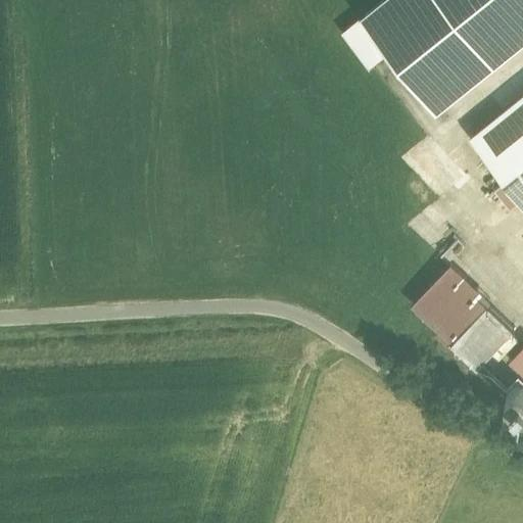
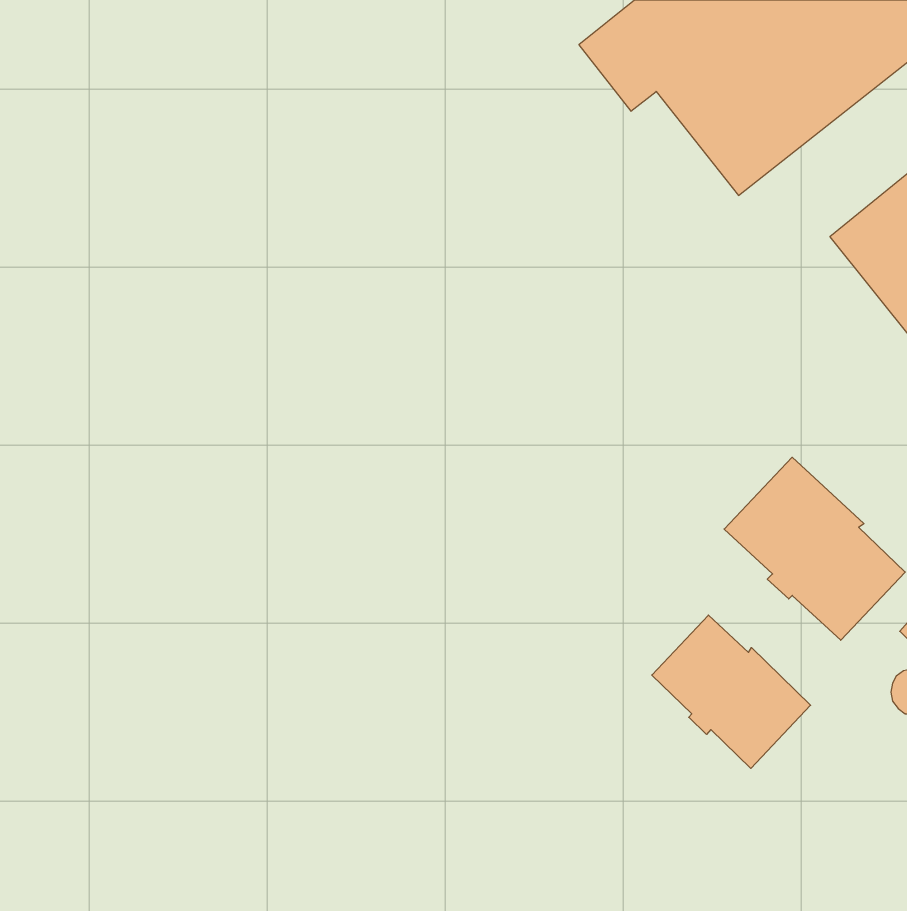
building: none -> [652,615,811,768]

